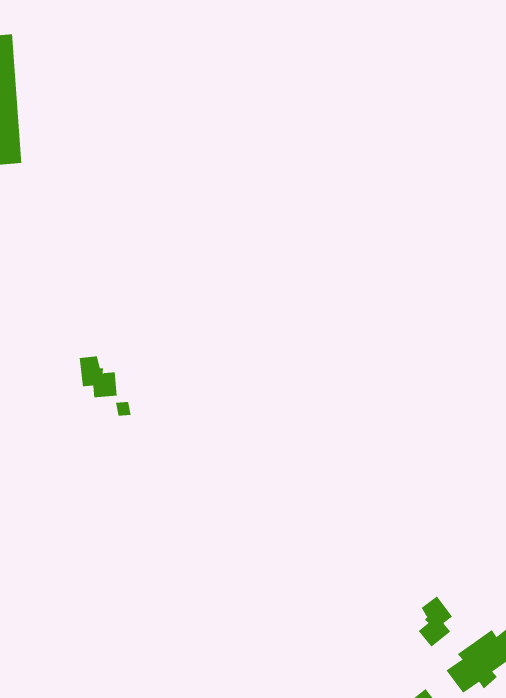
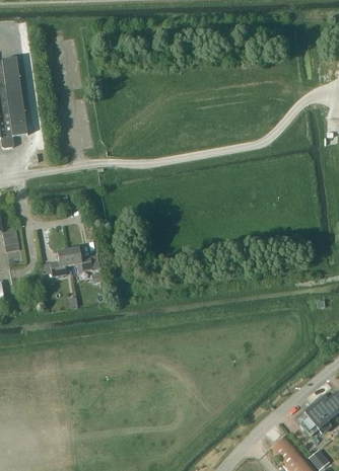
building: none -> [41,247,71,276]
building: [418,595,453,648] -> none

